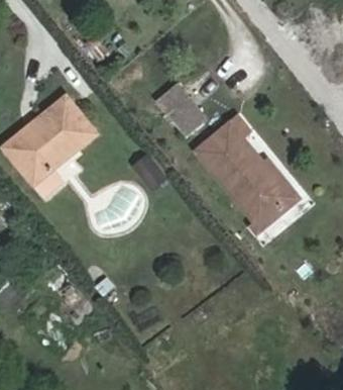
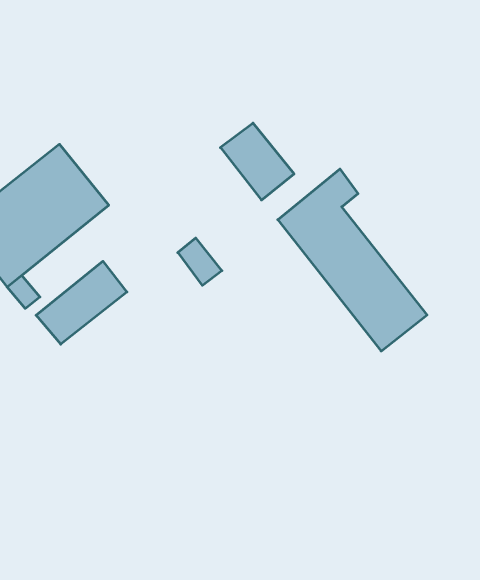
building: none -> [36,261,127,344]

